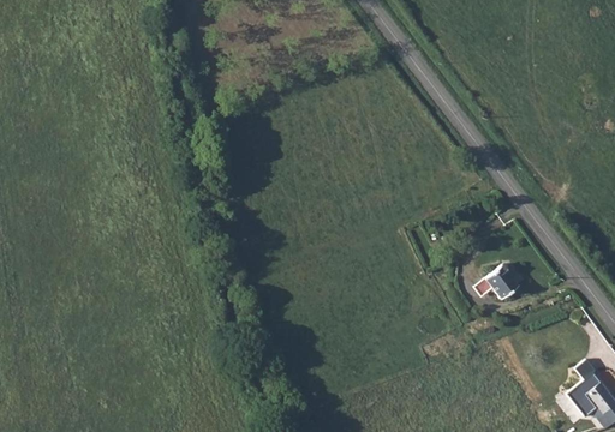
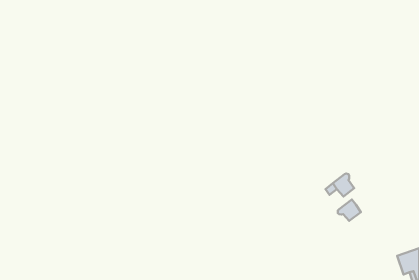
building: none -> [338,200,361,221]

